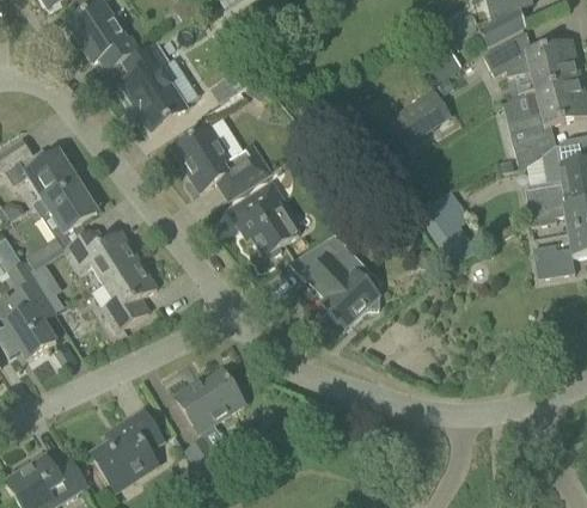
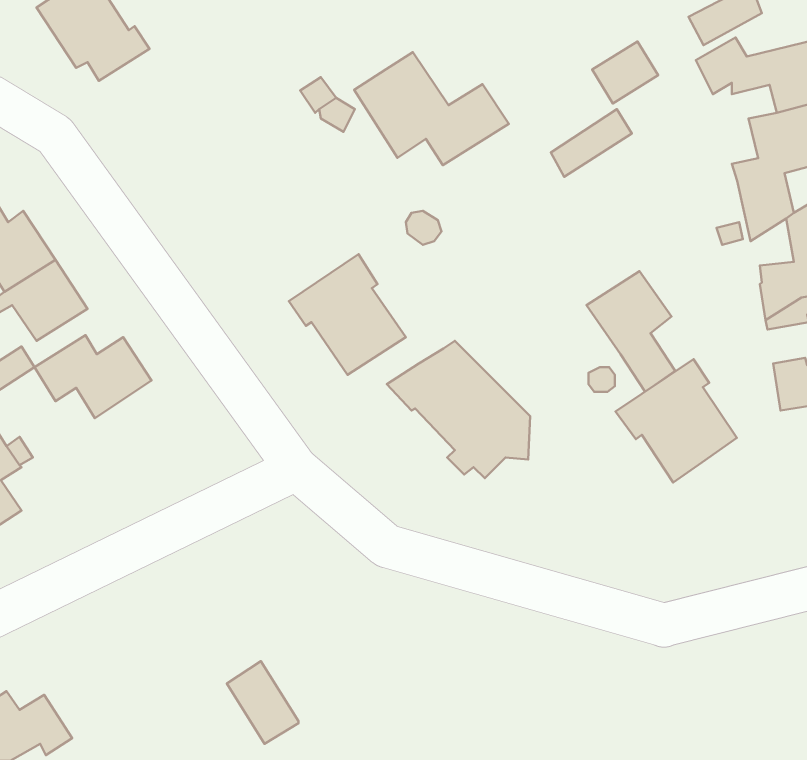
building: [118,41,187,130] -> none
building: [171,123,269,195] -> [354,52,509,165]
building: none -> [616,359,737,483]
building: [102,258,157,331] -> none
building: [175,368,245,432] -> none
building: [92,410,165,492] -> none

